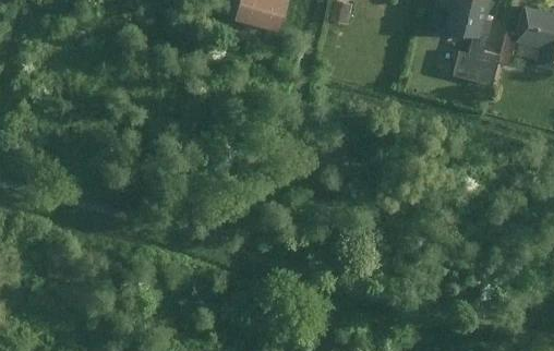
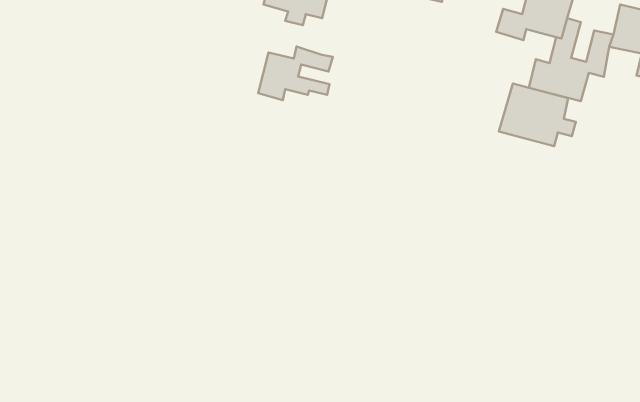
building: none -> [258,46,333,100]
building: none -> [499,83,576,146]

